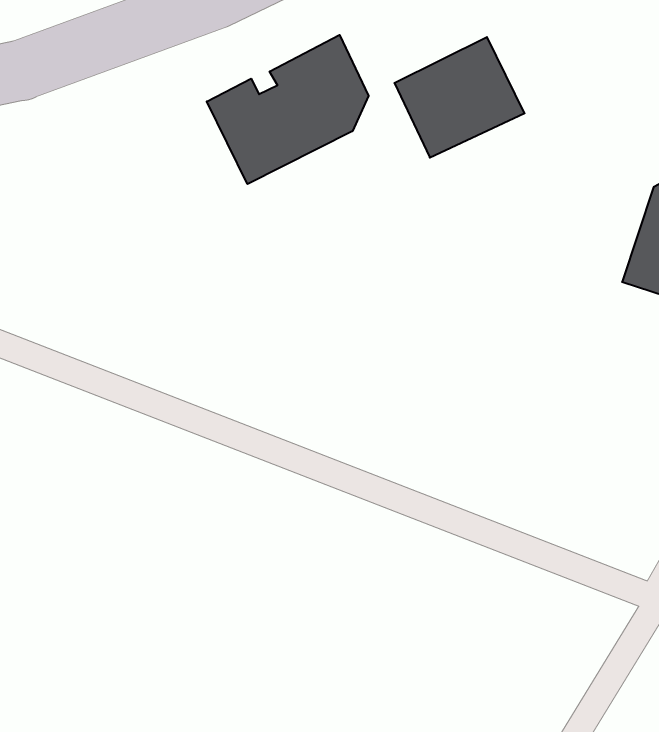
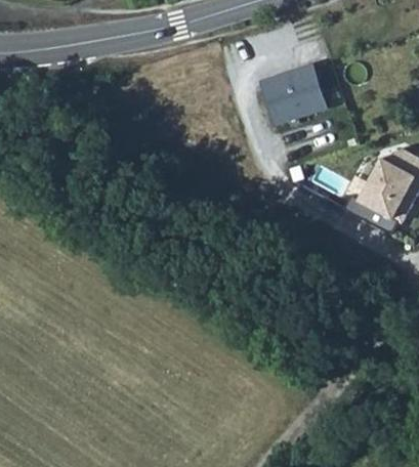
building: [207,35,369,184] -> none

